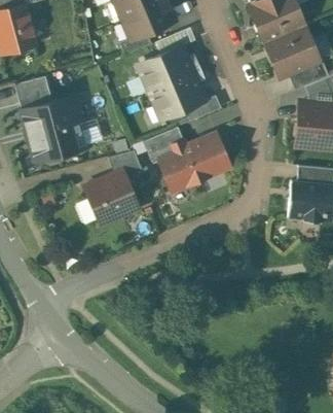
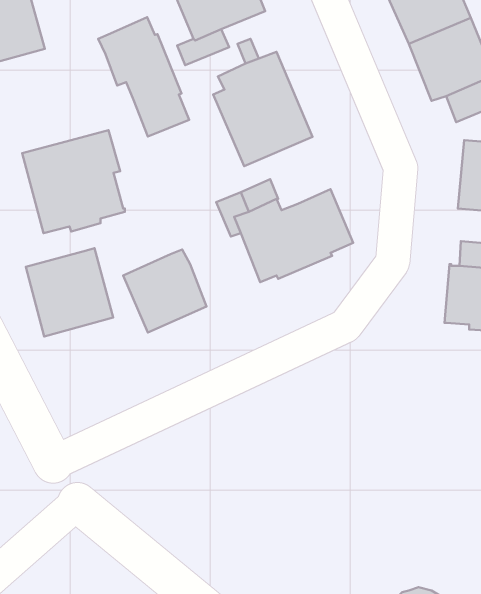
building: none -> [98,17,189,137]
building: [14,77,51,111] -> none
building: [107,151,143,181] -> none
building: none -> [26,248,113,336]

